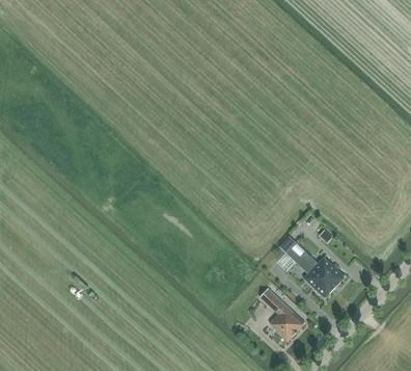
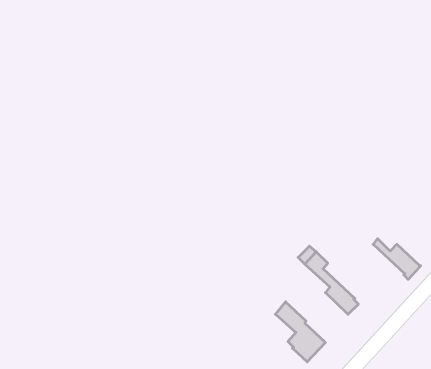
building: [302,251,346,289] -> [373,239,421,279]

